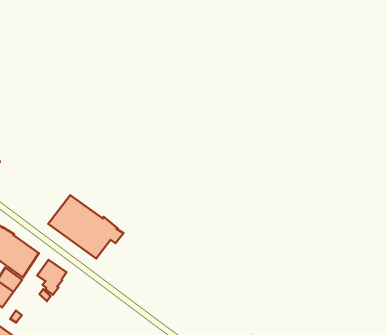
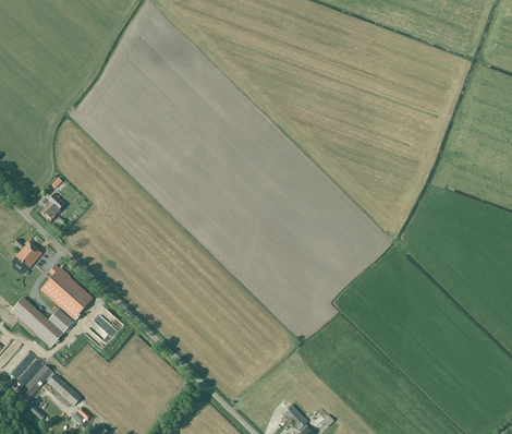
building: [48,195,123,259] -> none

